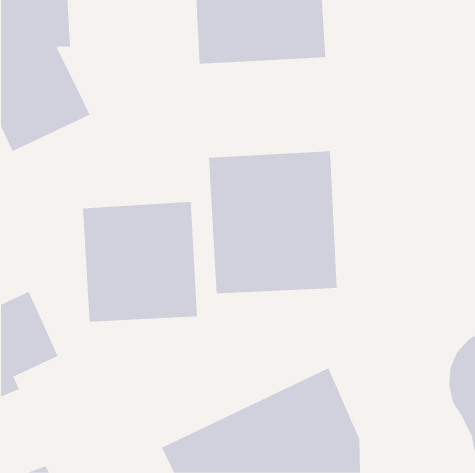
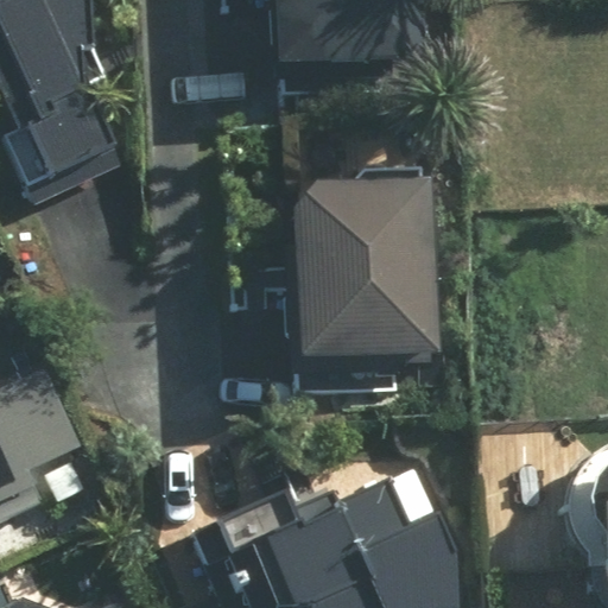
building: [82,201,197,323] -> none

